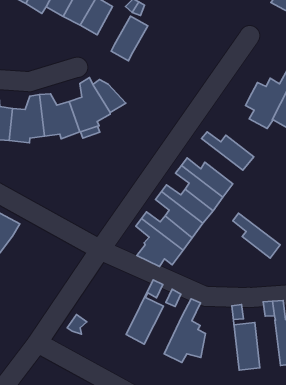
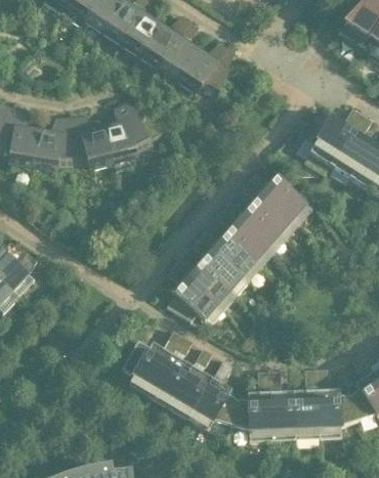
building: none -> [139,25,178,68]
building: none -> [176,46,231,94]
building: [233,213,280,258] -> [241,180,292,233]
building: none -> [121,330,182,394]
building: none -> [229,371,271,444]
building: none -> [167,365,212,419]
building: none -> [293,390,319,442]

